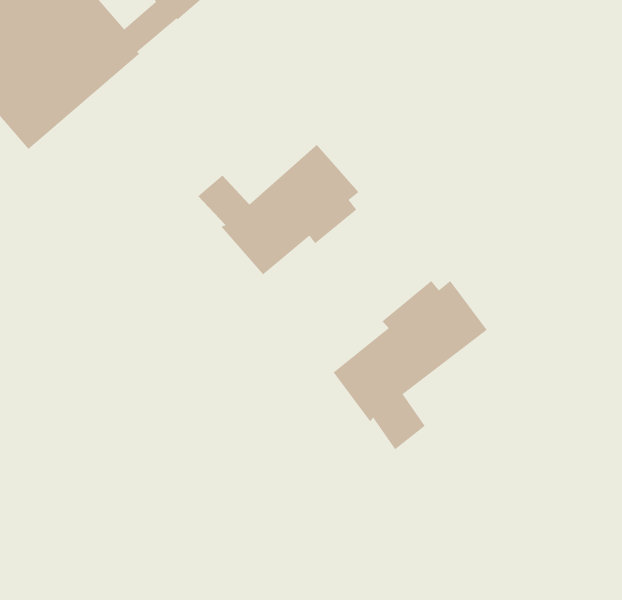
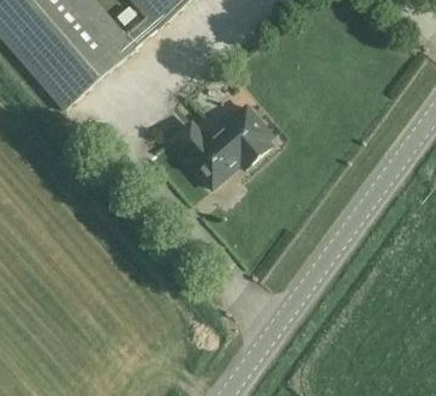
building: [333,280,487,450] -> none

